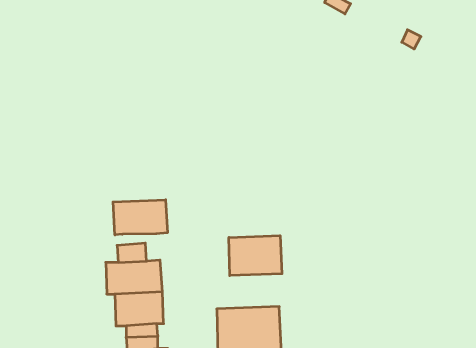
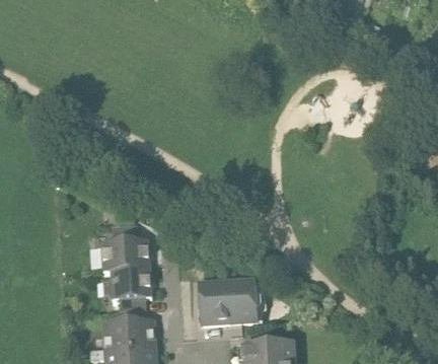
building: [113,200,167,235] -> none
building: [229,236,282,276] -> none

